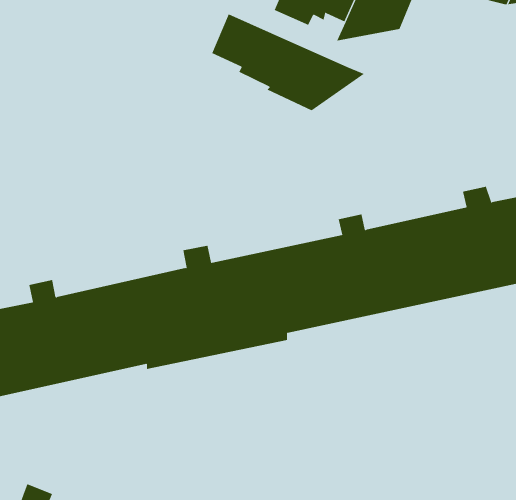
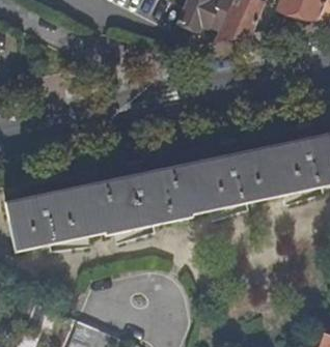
building: [211,13,365,111] -> none

